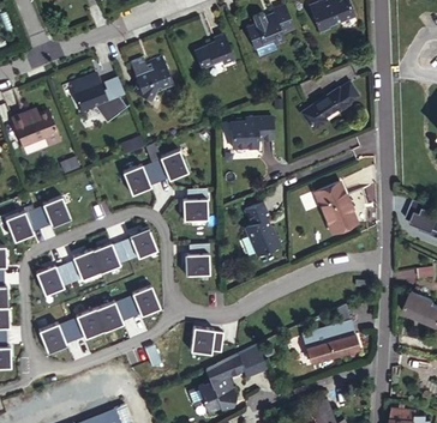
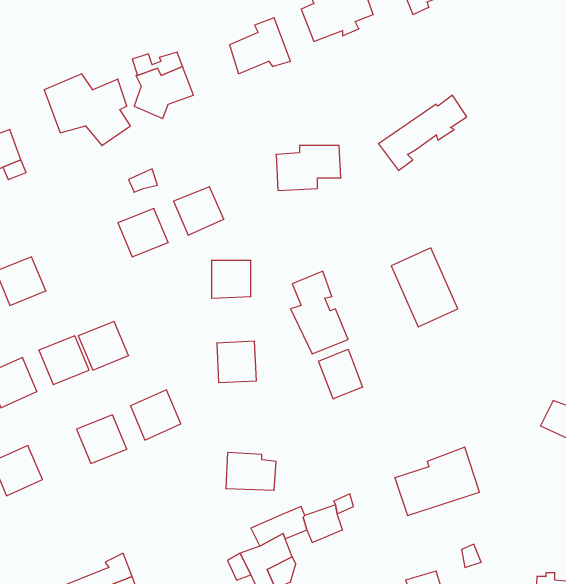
building: [125,225,158,258] -> none
building: none -> [319,349,363,399]
building: [67,309,101,342] -> none

